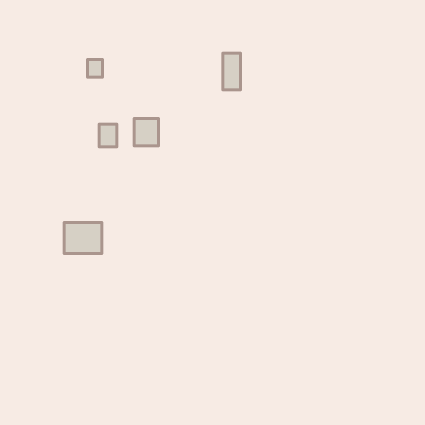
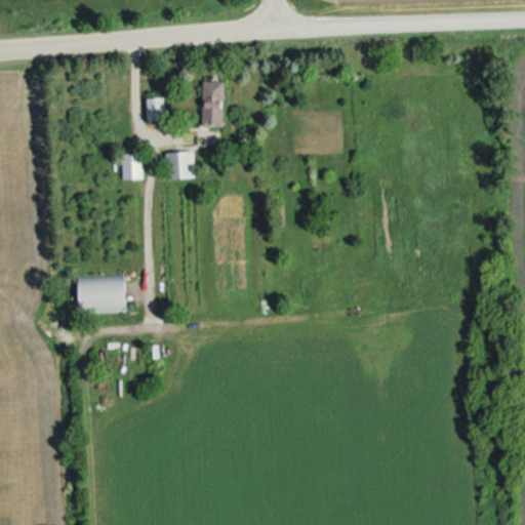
building: [223,53,240,90] -> [202,82,224,127]
building: [88,60,103,77] -> [146,99,164,121]

